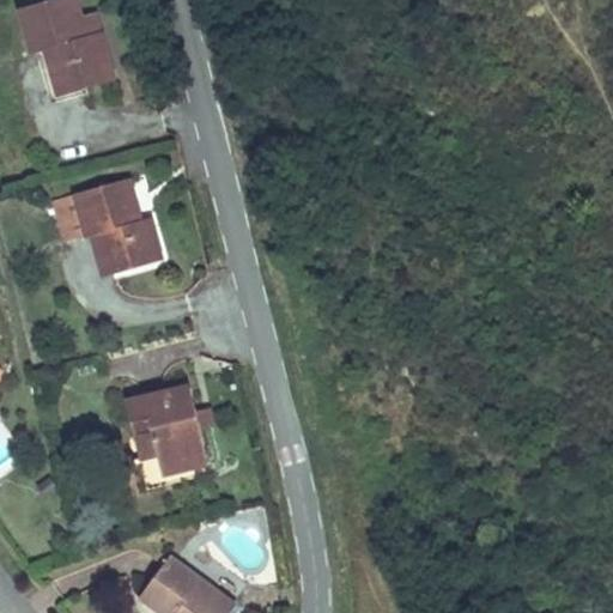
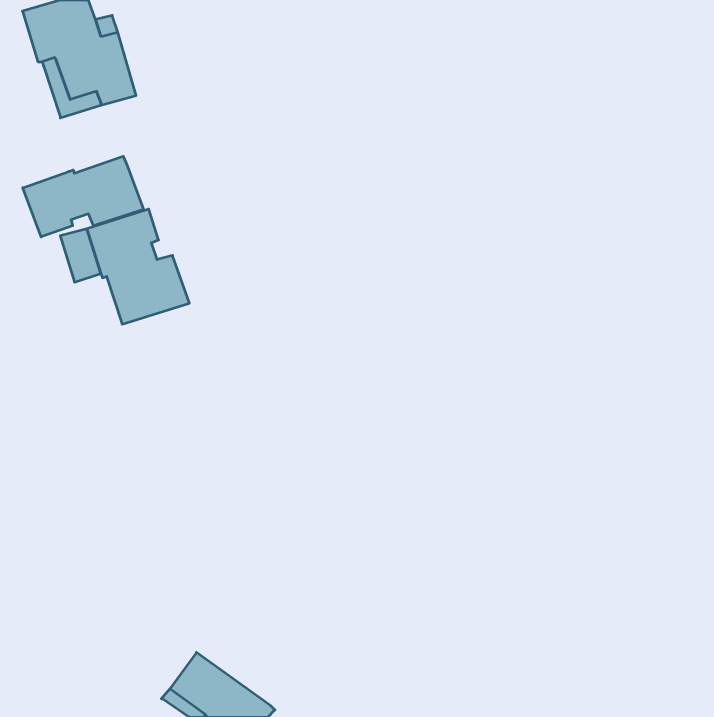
building: none -> [23,156,143,237]
building: [125,386,207,472] -> none

